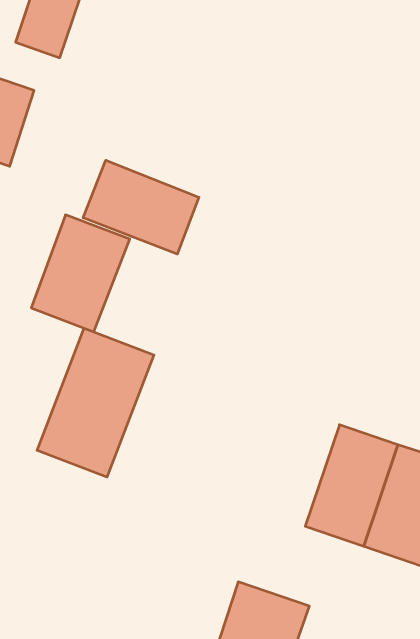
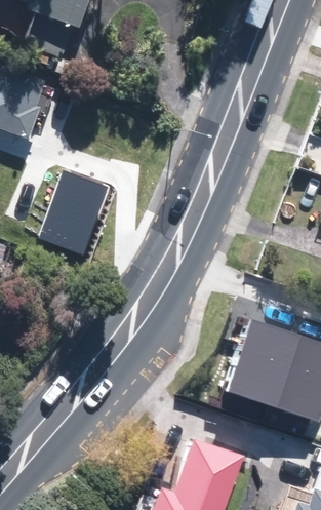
building: [83,160,199,254] -> none
building: [37,328,154,477] -> none

